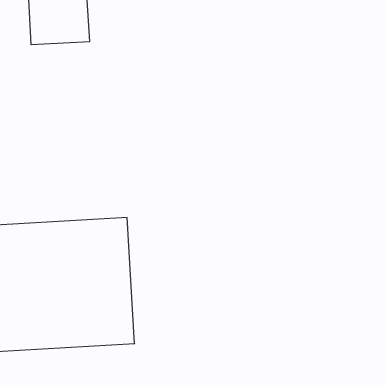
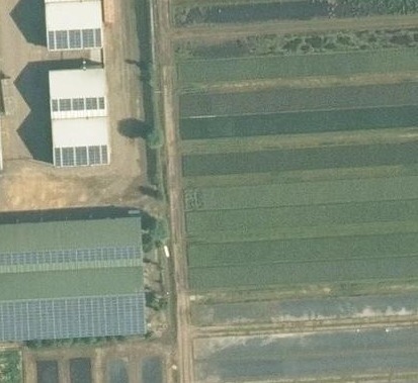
building: none -> [49,66,109,167]

